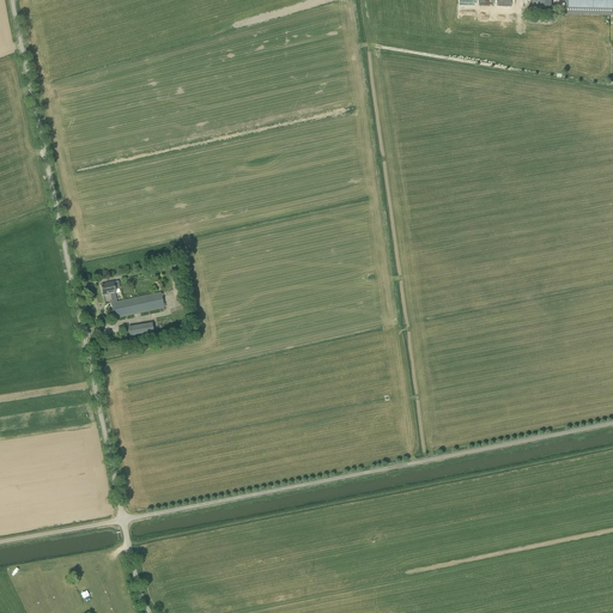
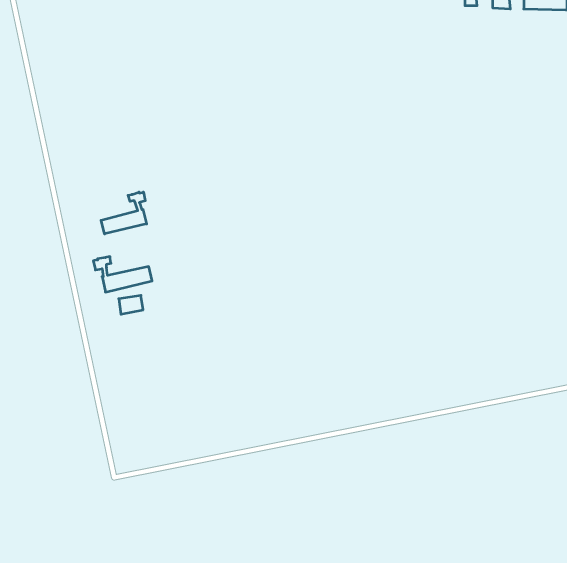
building: none -> [101,192,147,234]

